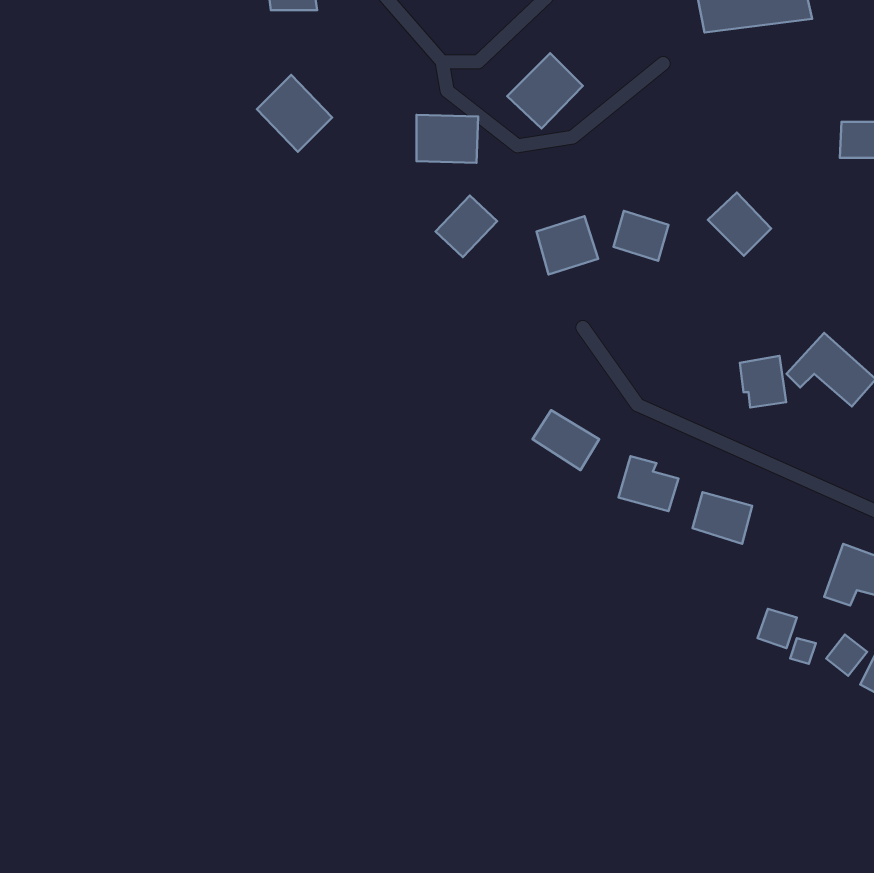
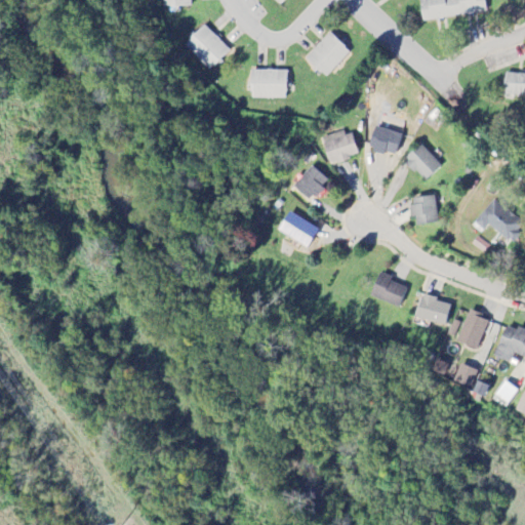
building: [257,75,332,152] -> [185,24,230,70]
building: [708,192,771,256] -> [403,144,441,181]
building: [435,195,497,257] -> [292,165,329,202]
building: [740,356,786,407] -> [410,195,438,226]
building: [532,410,599,470] -> [279,211,319,247]
building: none -> [458,311,487,349]

